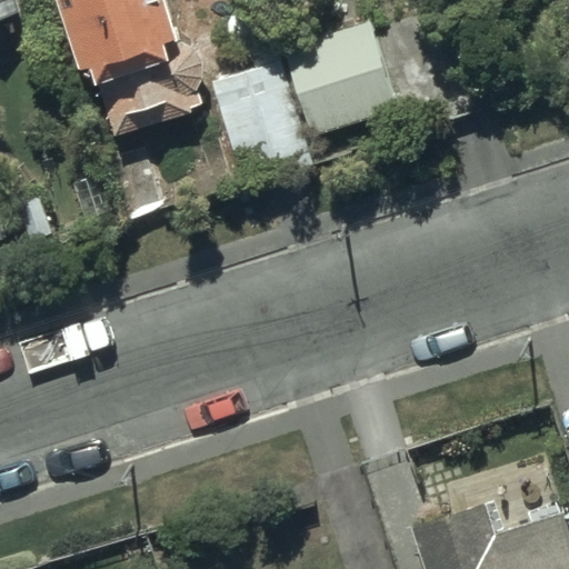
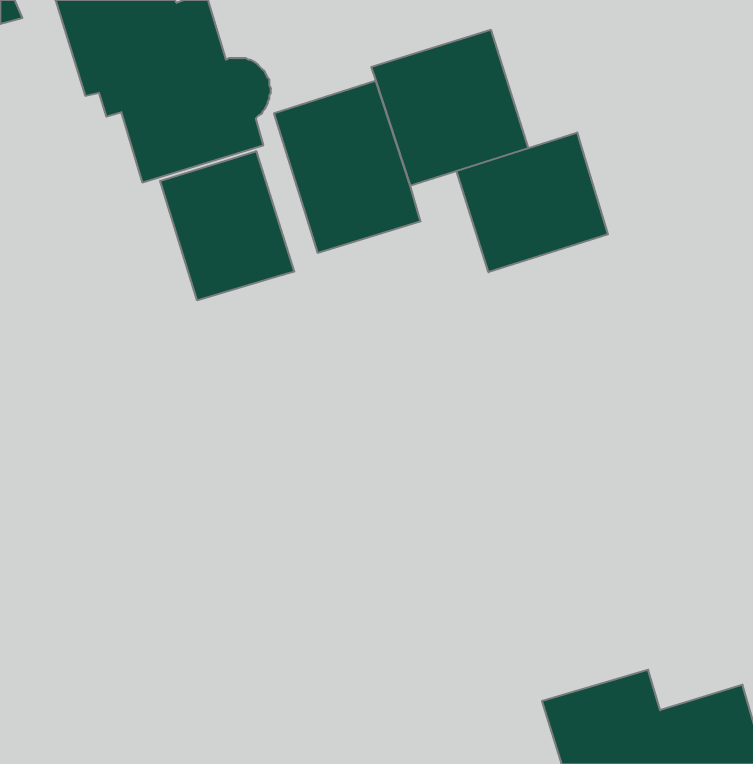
building: none -> [457,132,608,272]
building: none -> [160,151,294,300]

